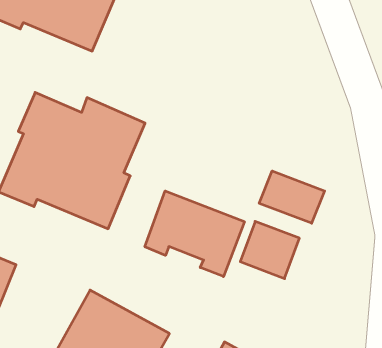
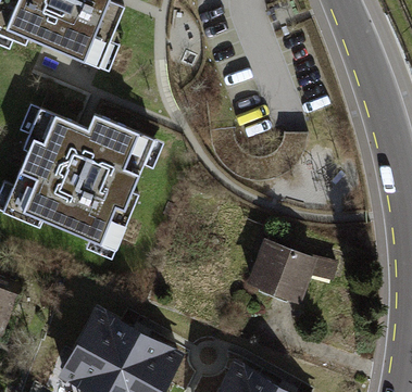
building: [259,171,325,223] -> none
building: [145,191,244,277] -> none

